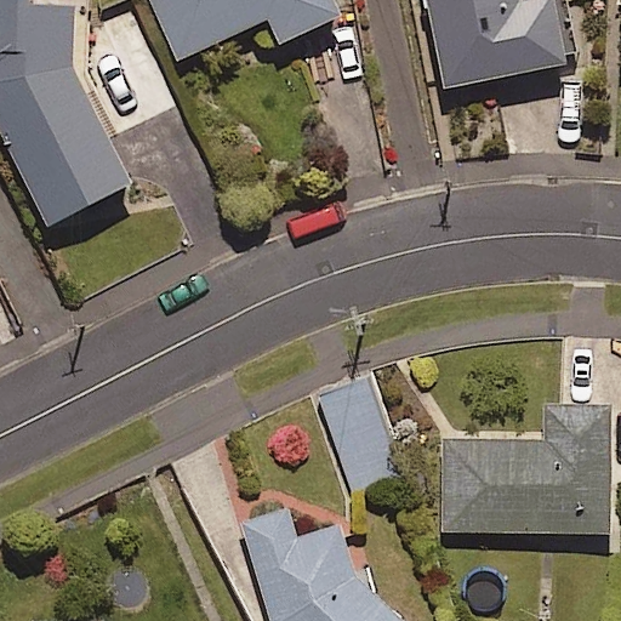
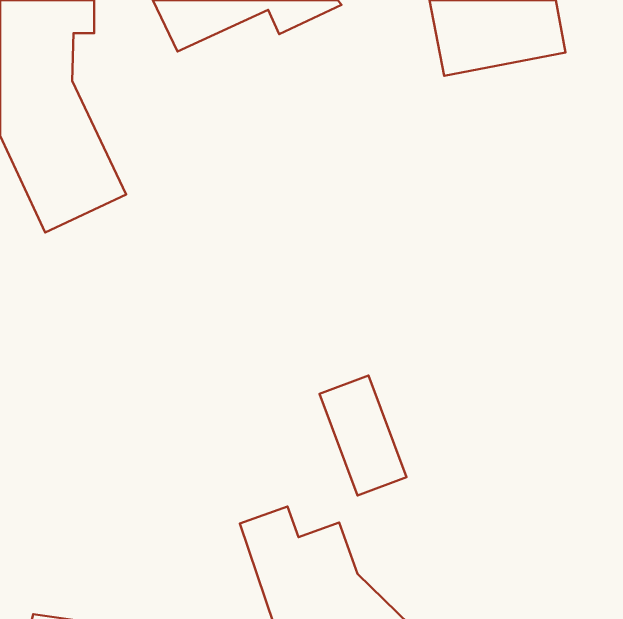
building: [443,400,610,530] -> none

